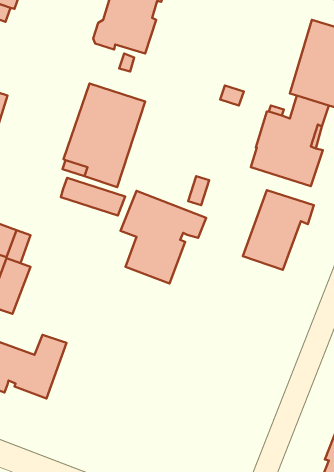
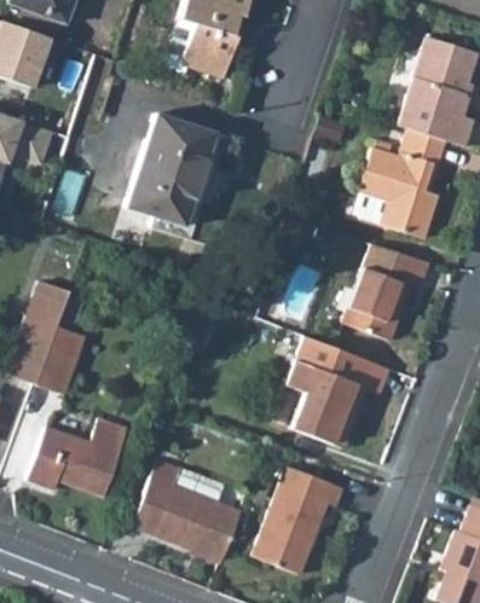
building: [61,178,125,215] -> none
building: [120,191,206,284] -> [284,336,388,448]
building: none -> [132,459,241,561]
building: none -> [253,465,343,574]

